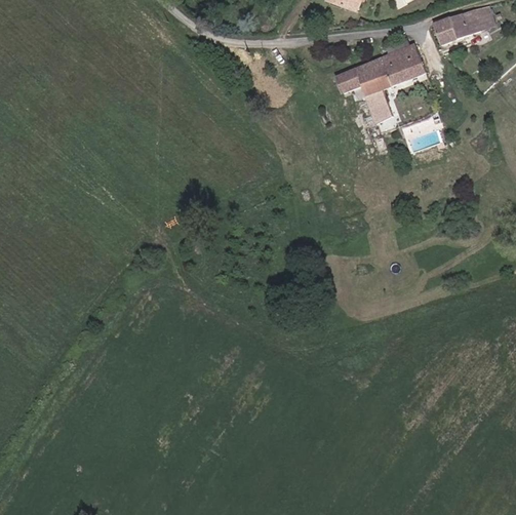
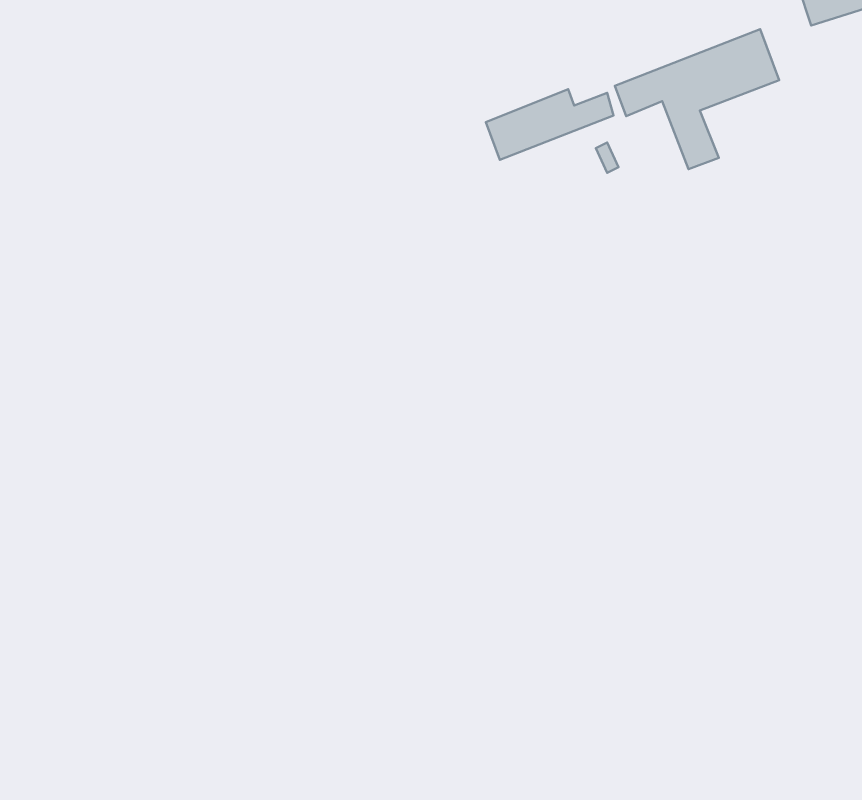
building: none -> [486,89,614,160]

